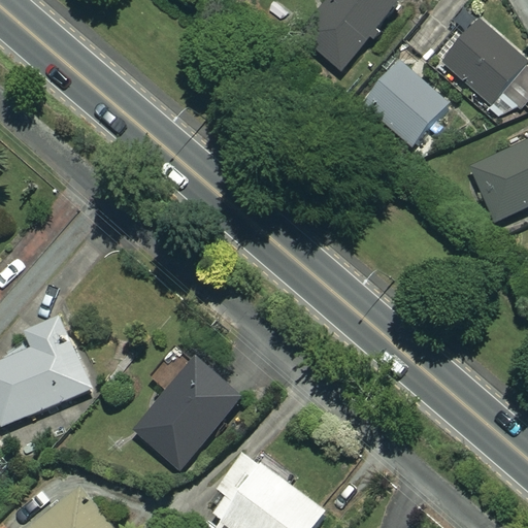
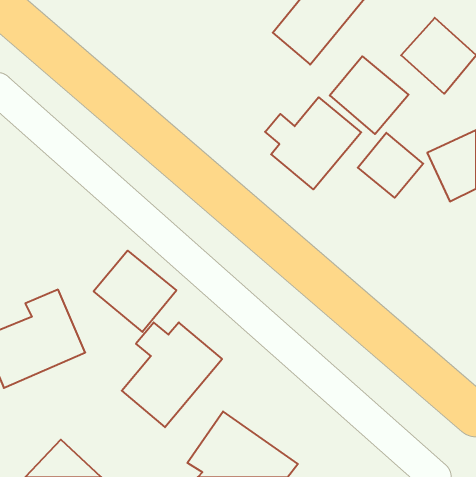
building: none -> [265,97,361,189]
building: none -> [358,133,423,198]
building: none -> [94,251,176,332]

